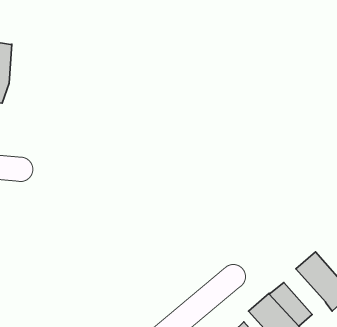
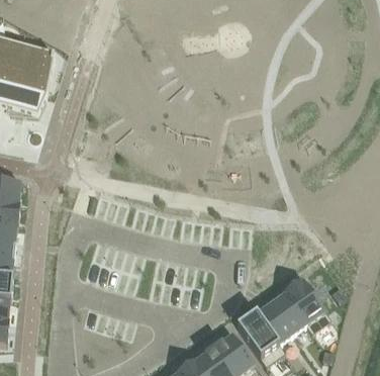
building: none -> [271,290,306,333]

